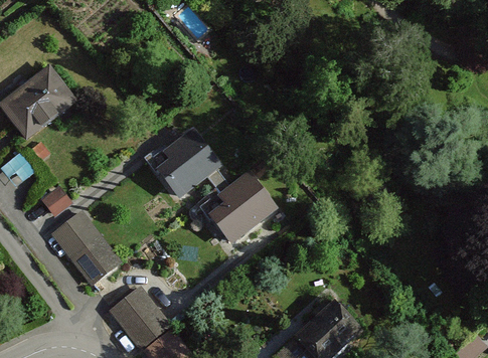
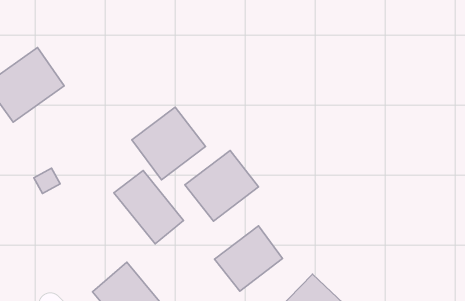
building: [51,212,123,288] -> [114,170,184,244]
building: none -> [215,226,283,291]

